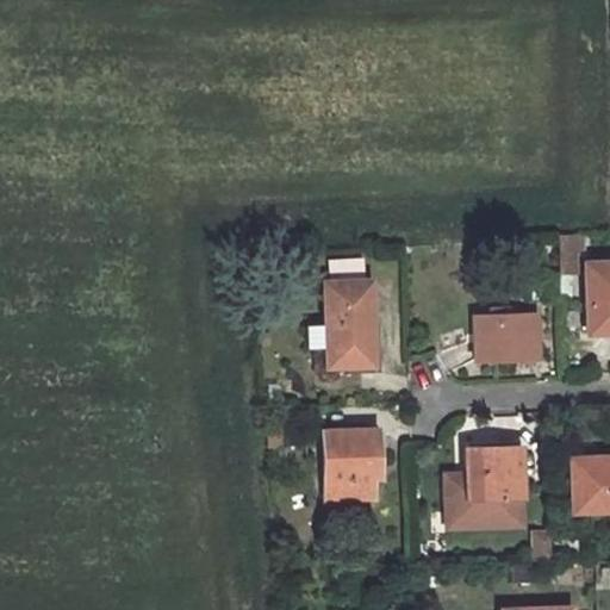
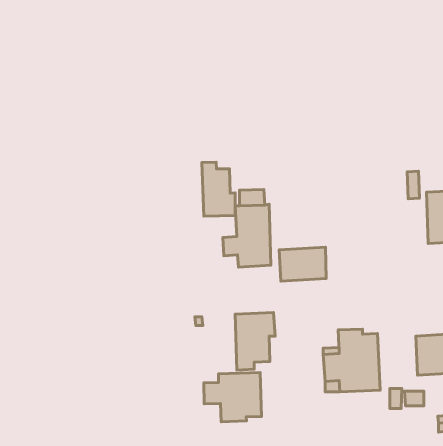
building: none -> [202,162,235,216]
building: [475,313,540,360] -> [279,247,326,281]
building: none -> [204,372,262,422]

